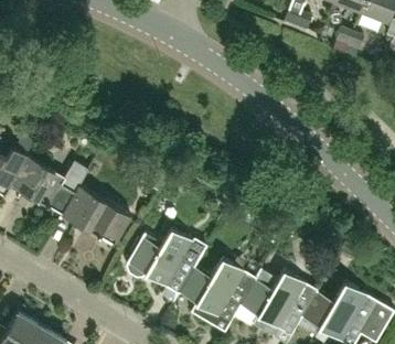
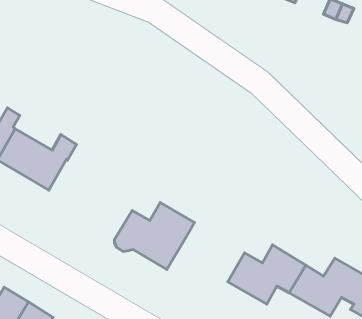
building: [62,185,131,246] -> none
building: [179,257,256,324] -> none

